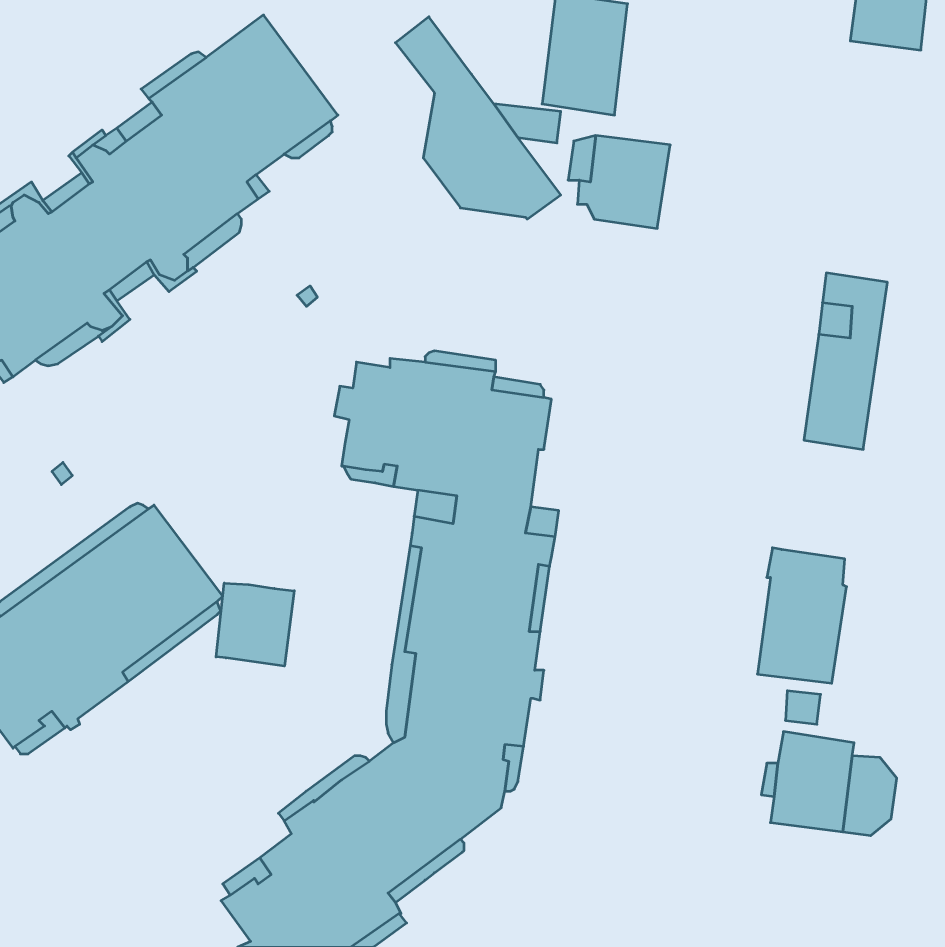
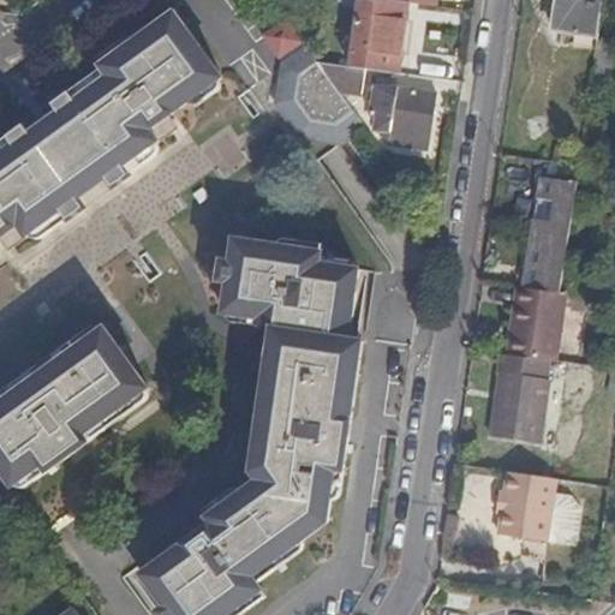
building: none -> [506,285,565,363]
building: [216,583,294,666] -> none

